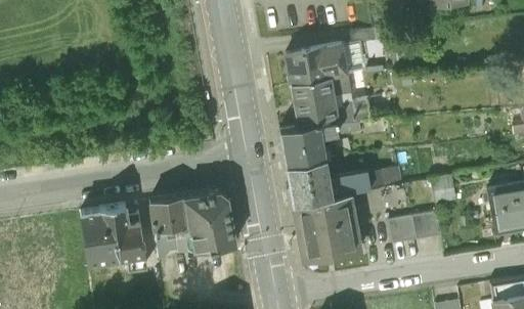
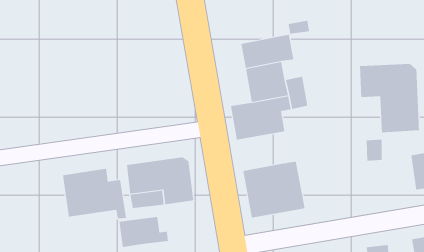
building: none -> [360,63,420,133]
building: [282,164,389,210] -> none
building: [386,213,435,244] -> none
building: none -> [119,216,169,248]

